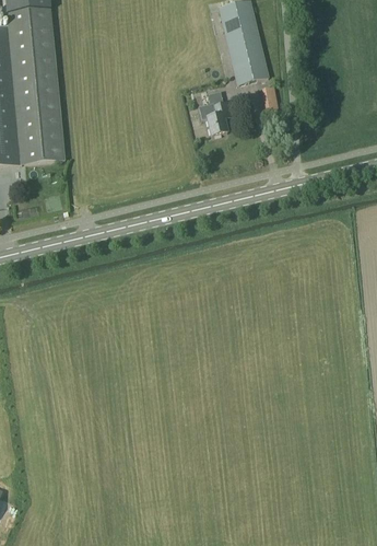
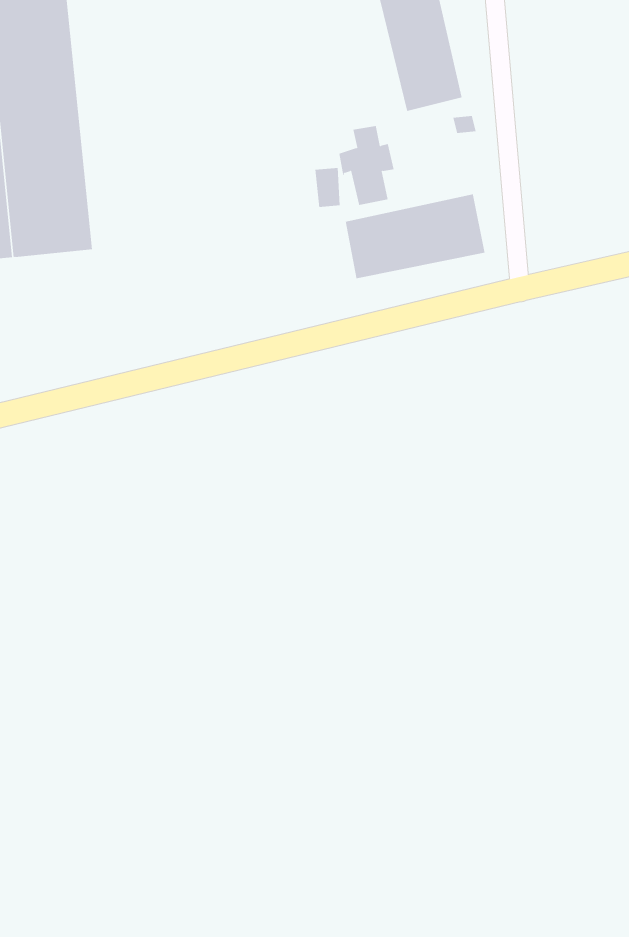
building: none -> [345,194,485,279]

